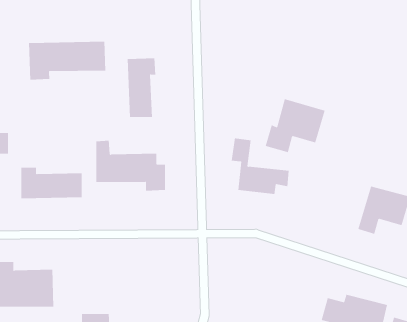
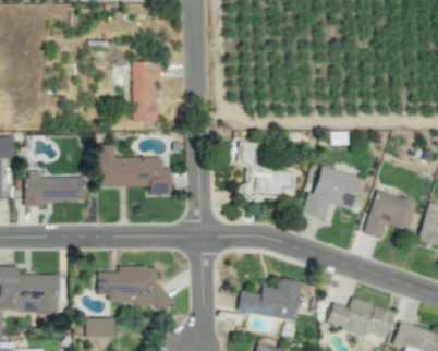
building: [28,41,106,80] -> none
building: [265,99,325,153] -> [302,166,363,220]
building: none -> [98,266,165,305]
building: none -> [239,278,302,319]

